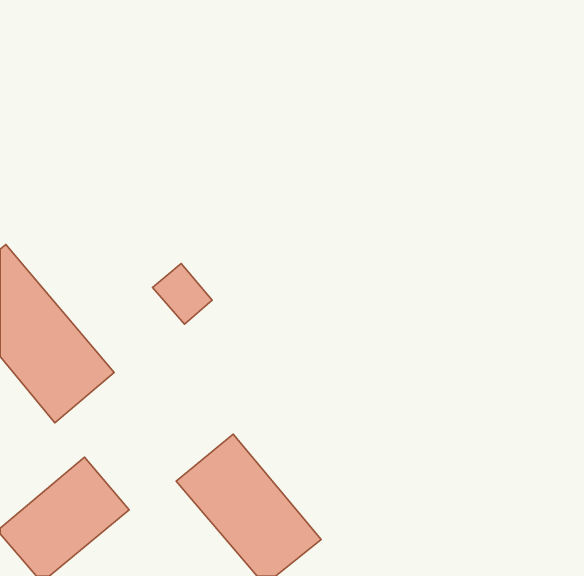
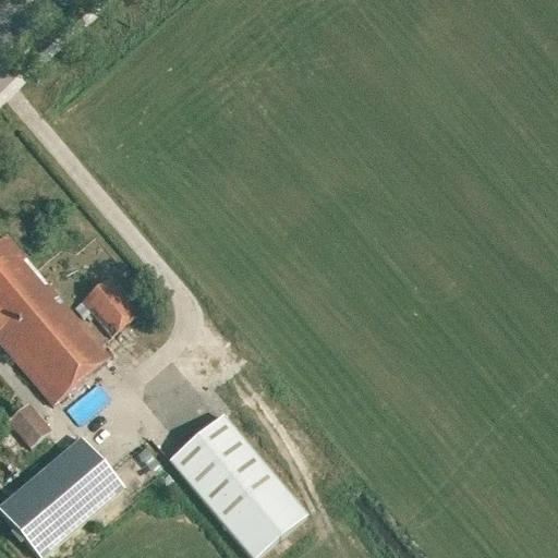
building: [153,264,212,324] -> [81,276,137,333]
building: none -> [8,402,49,445]

